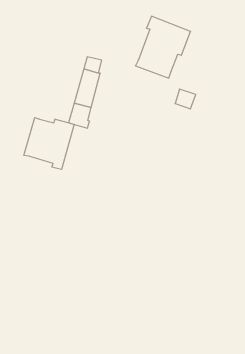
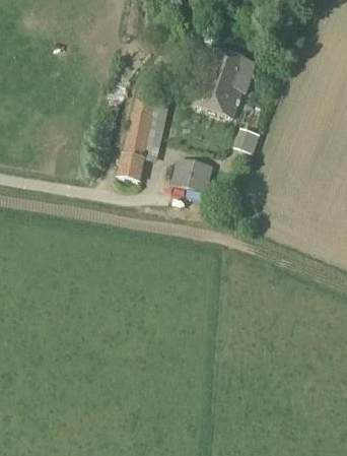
building: none -> [170,155,214,192]
building: [24,118,74,169] -> none

